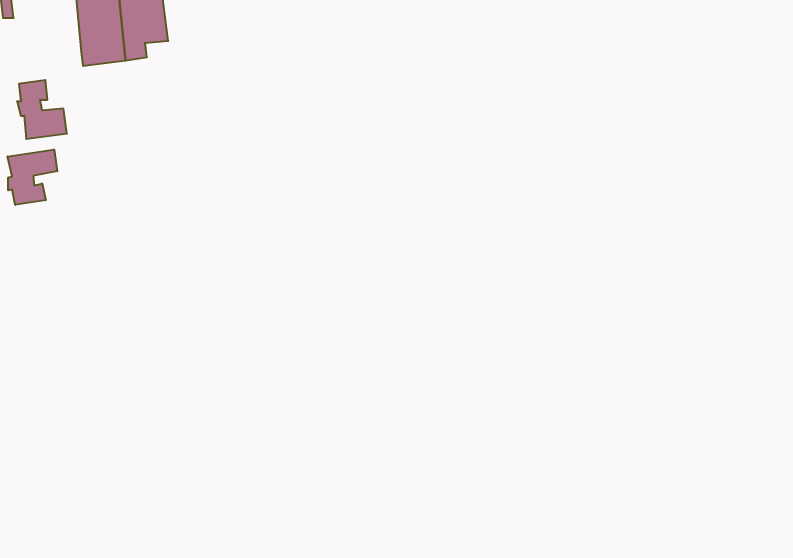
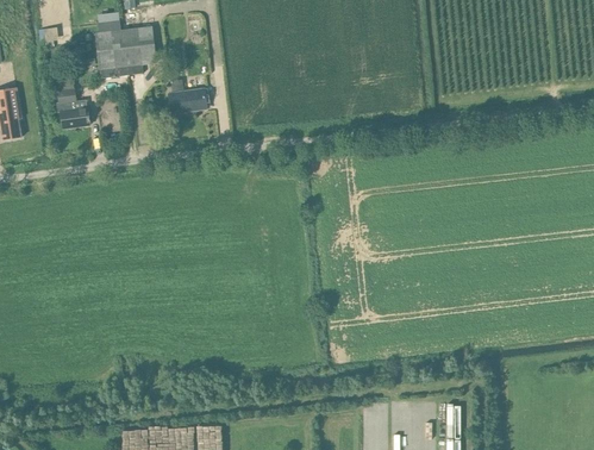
building: none -> [167,77,205,112]
building: [8,149,57,205] -> none

